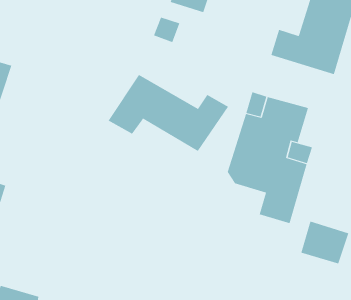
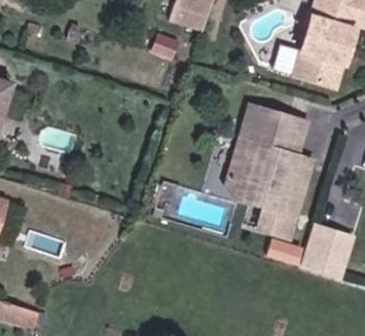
building: [108,74,229,152] -> none

